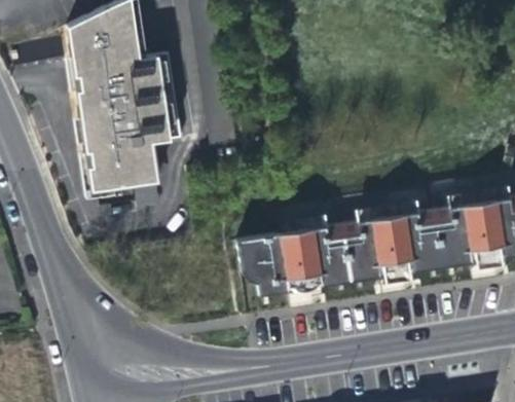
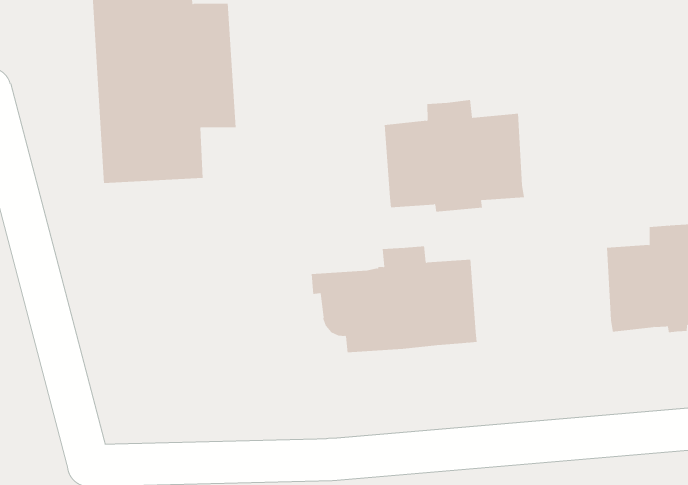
building: [347,199,449,280] -> [384,100,525,212]

